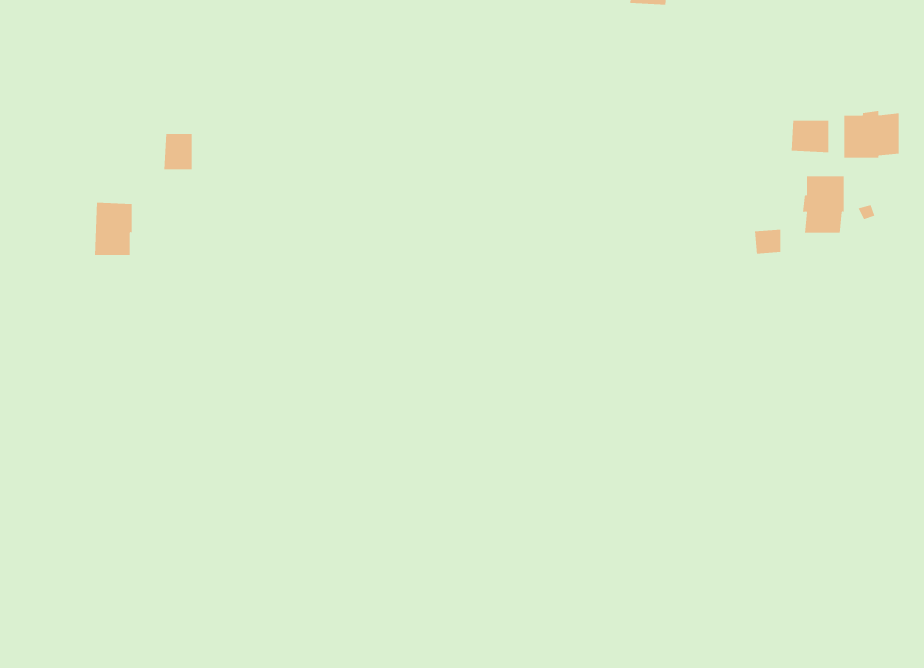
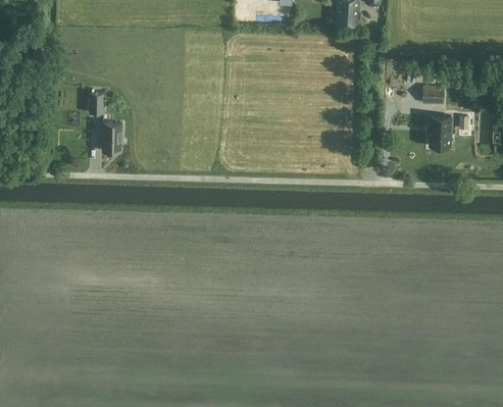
building: [844,110,899,158] -> none
building: [94,202,133,256] -> [102,122,122,151]

